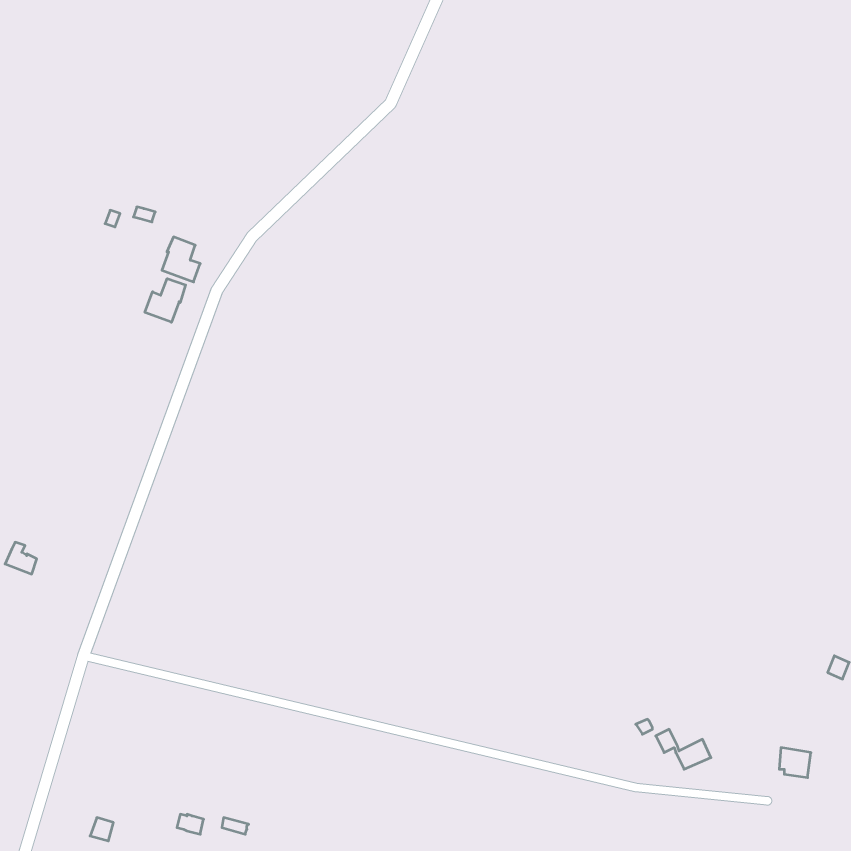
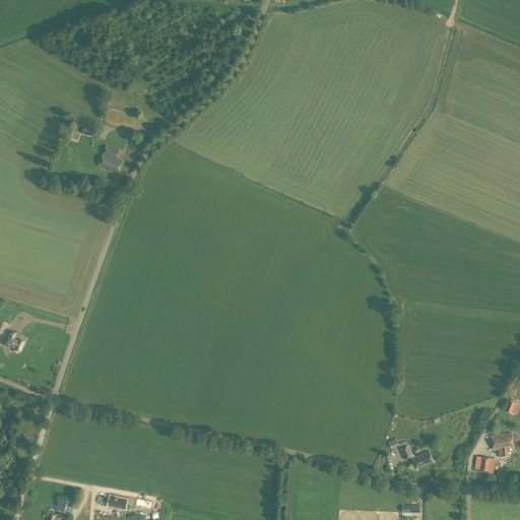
building: [145,279,186,322] -> none
building: none -> [491,433,512,456]

